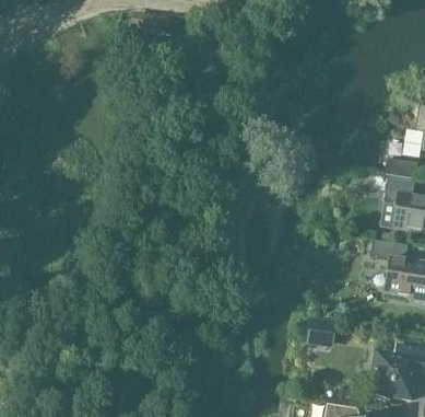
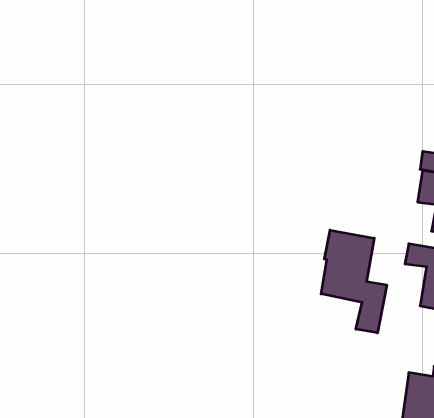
building: none -> [321,230,387,333]

